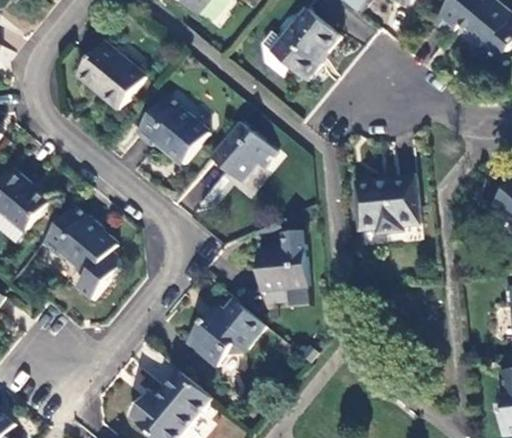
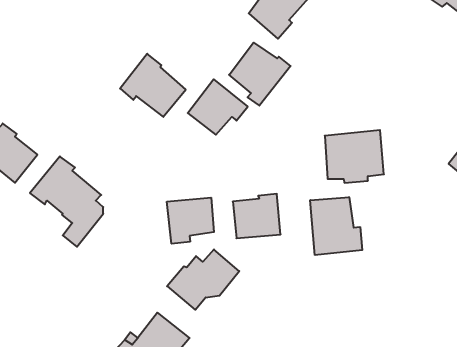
building: [77,42,145,109] -> none
building: none -> [229,43,291,106]
building: none -> [310,197,362,255]
building: none -> [167,198,214,244]

